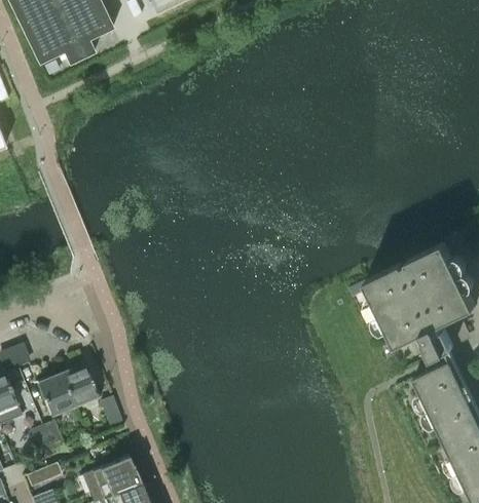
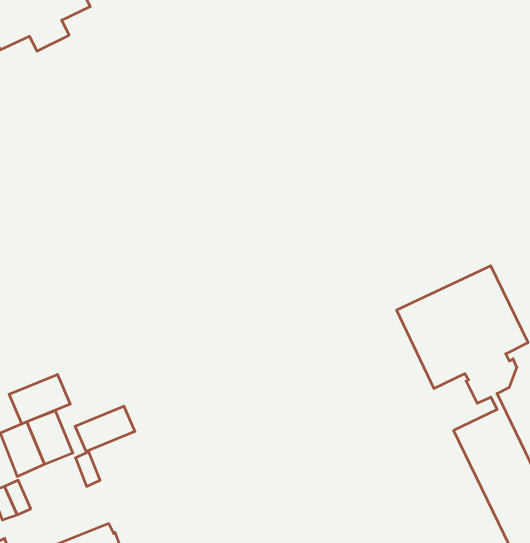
building: none -> [9,374,70,424]
building: none -> [75,406,135,451]

